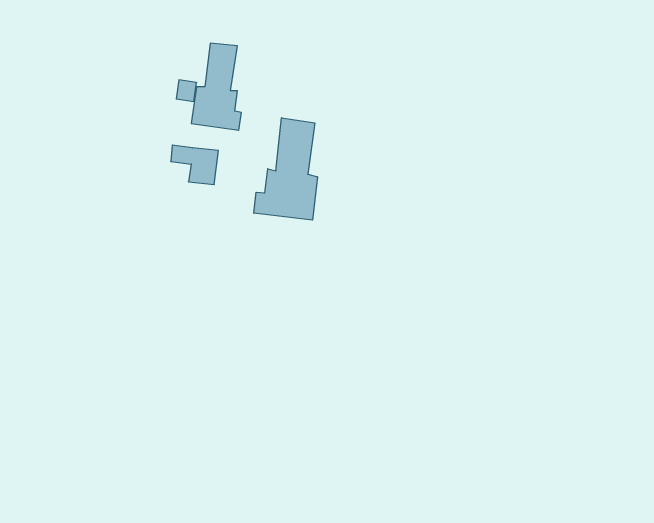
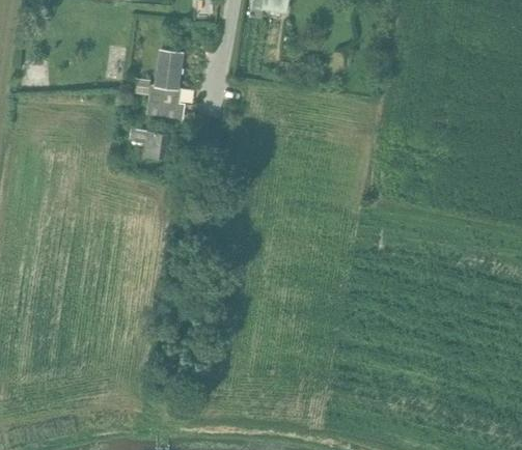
building: [254,118,317,220] -> none

